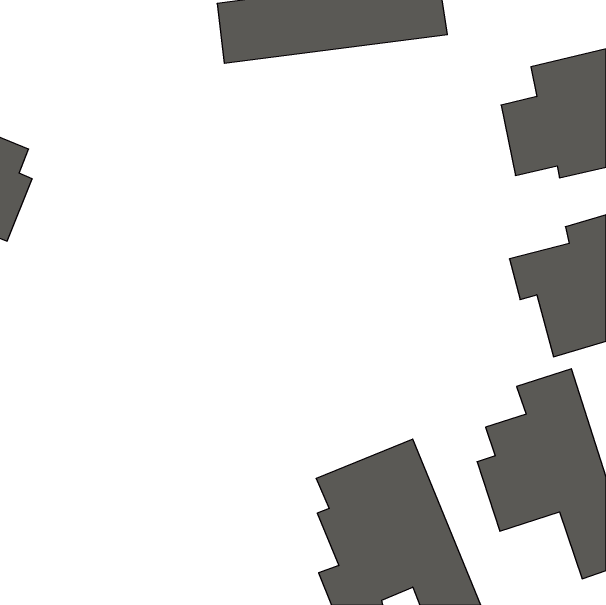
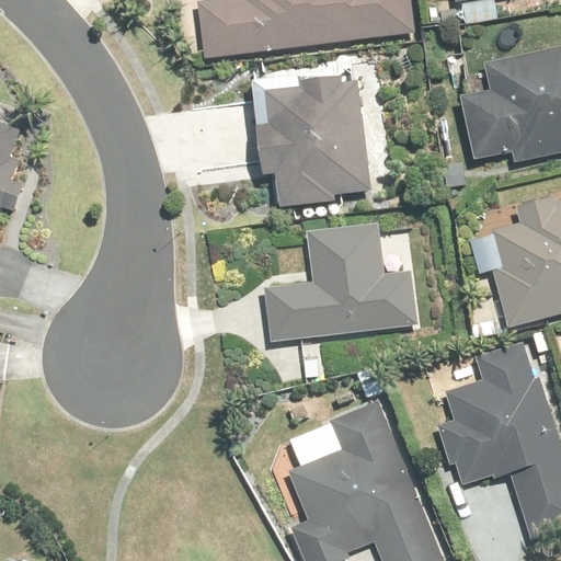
building: none -> [254,76,373,206]
building: none -> [266,225,415,344]

